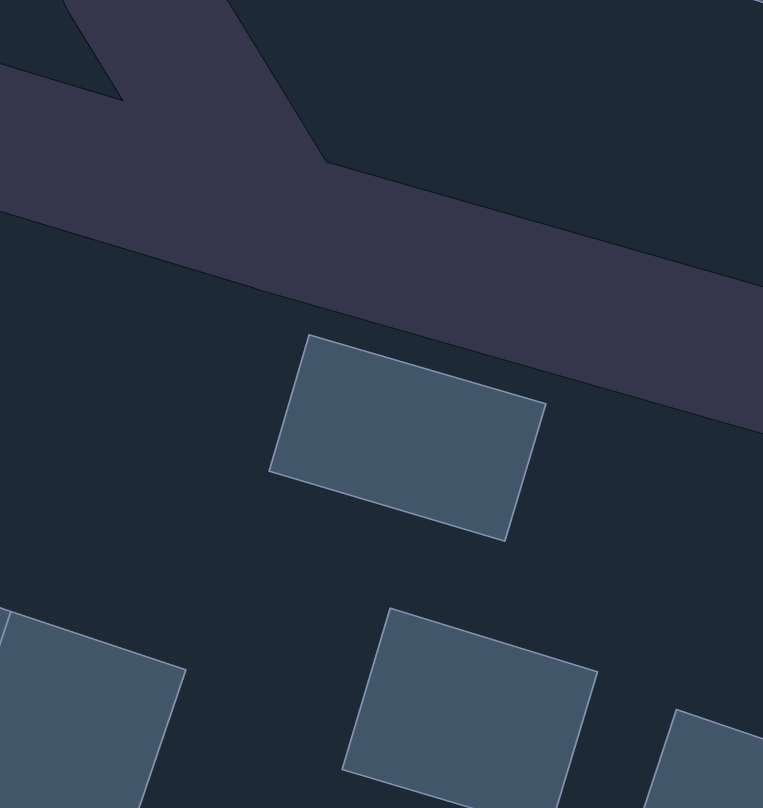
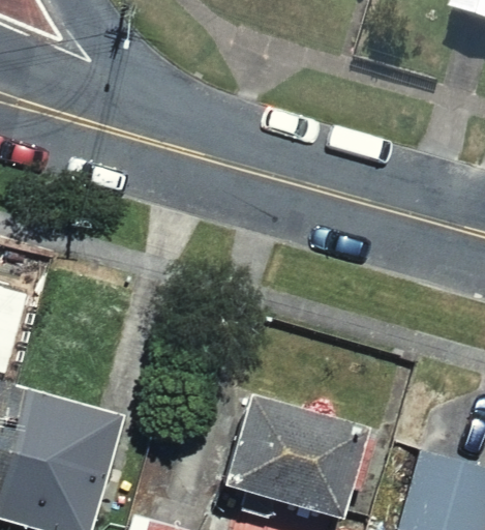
building: [269,335,546,541] -> none

